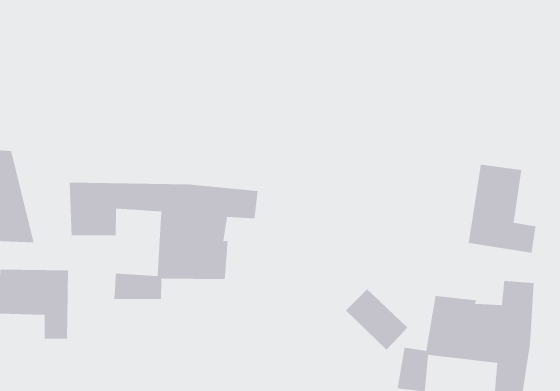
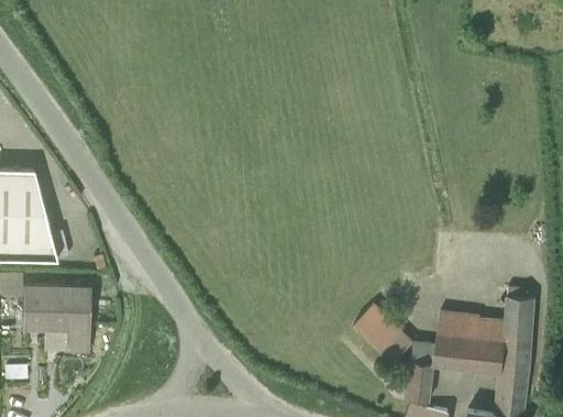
building: [468,164,536,253] -> none
building: [69,182,258,300] -> none

